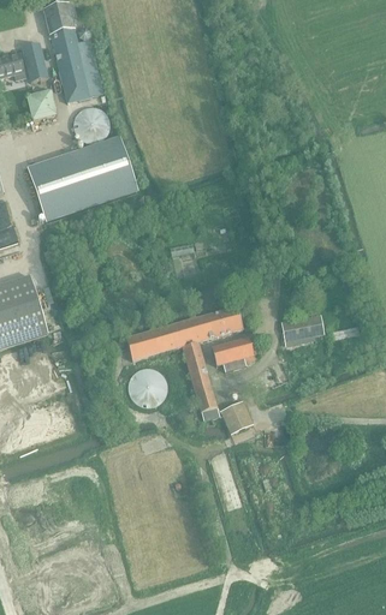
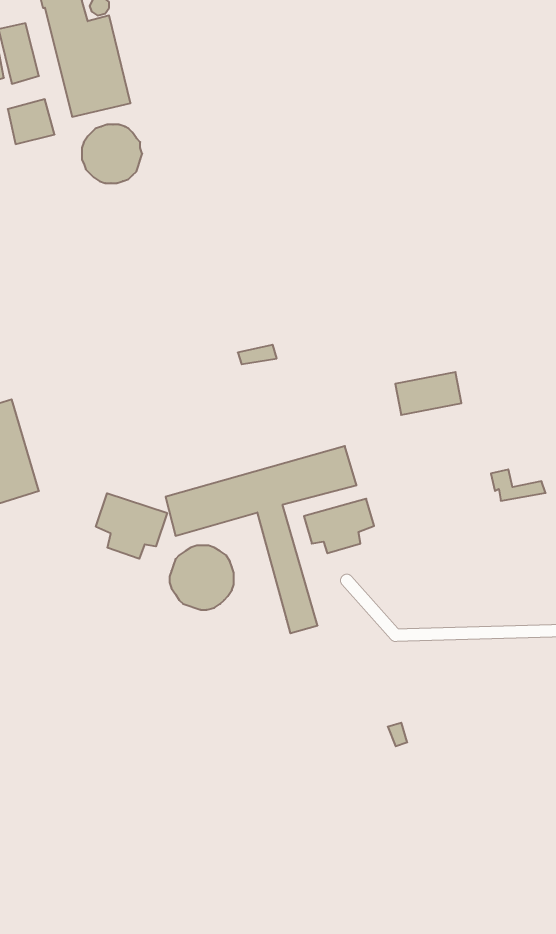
building: [28,136,137,220] -> none
building: [281,314,322,340] -> [395,372,461,415]
building: none -> [96,493,167,559]
building: [220,400,253,432] -> none

